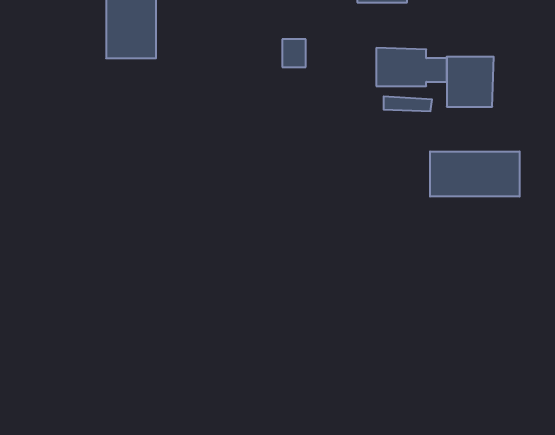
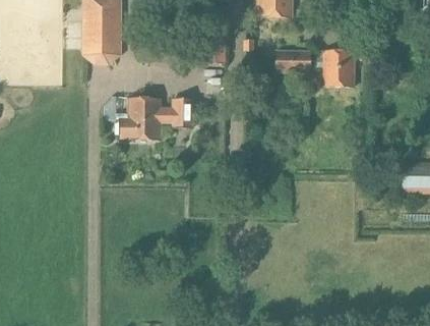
building: none -> [118,97,192,139]
building: [430,151,520,197] -> none

